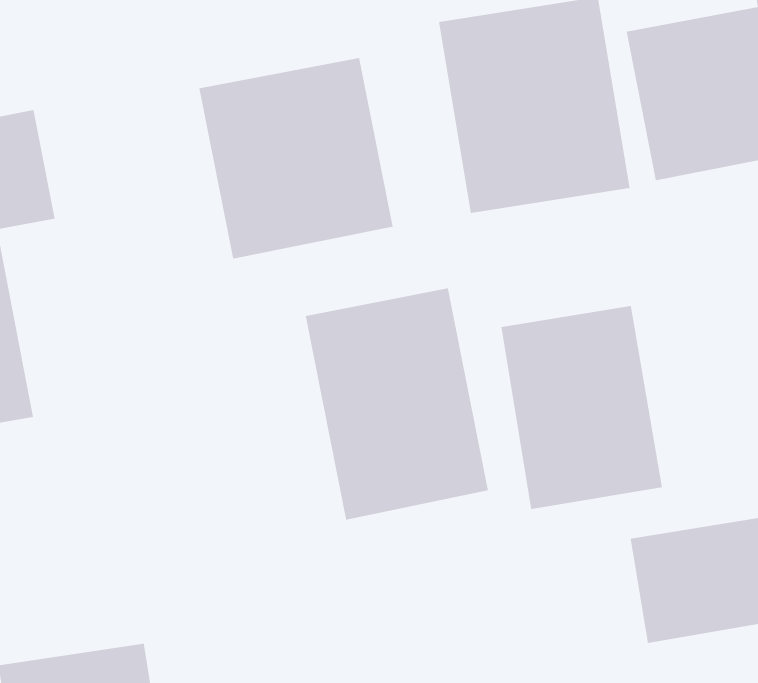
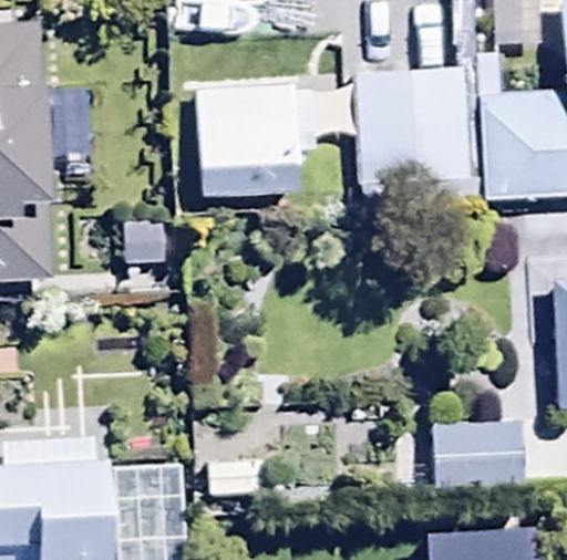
building: [305,288,489,521] -> none
building: [501,305,662,510] -> none

